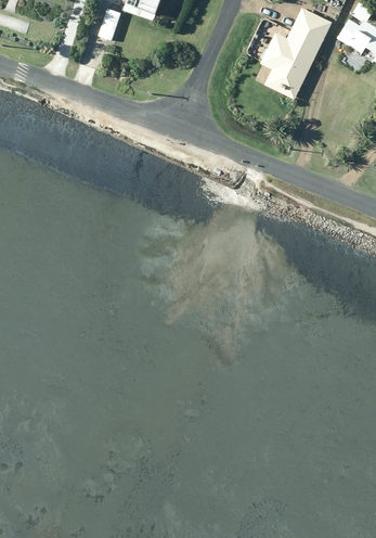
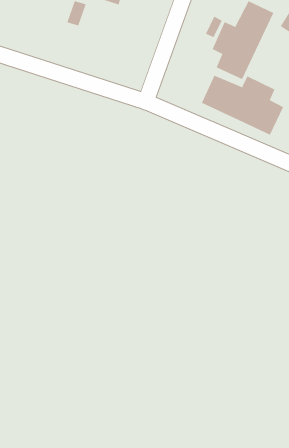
building: none -> [201,75,284,136]

